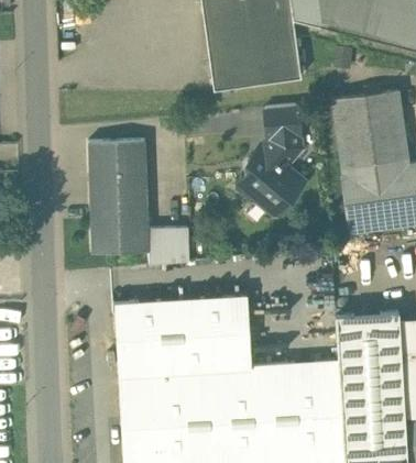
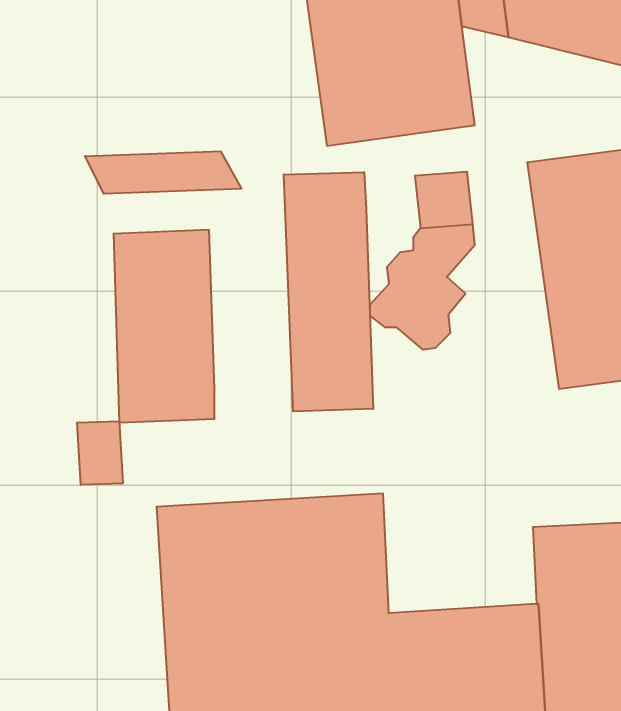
building: none -> [85,151,241,194]
building: none -> [284,172,373,411]
building: [147,233,189,265] -> none
building: none -> [77,421,123,485]

